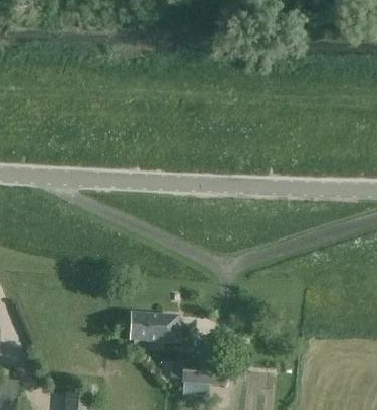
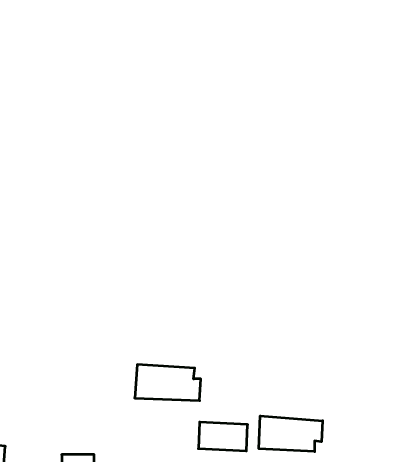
building: none -> [259,416,323,452]

